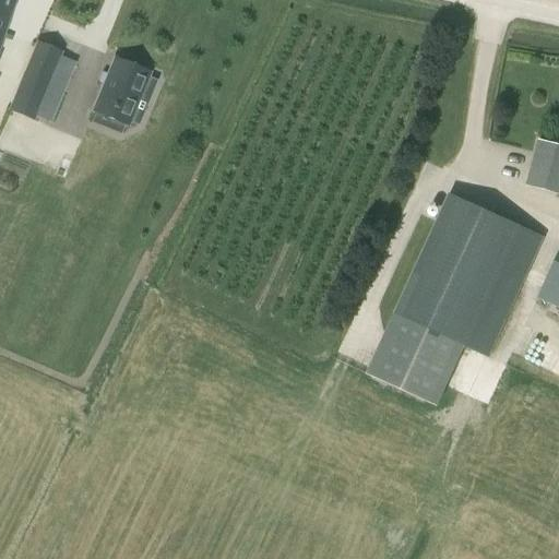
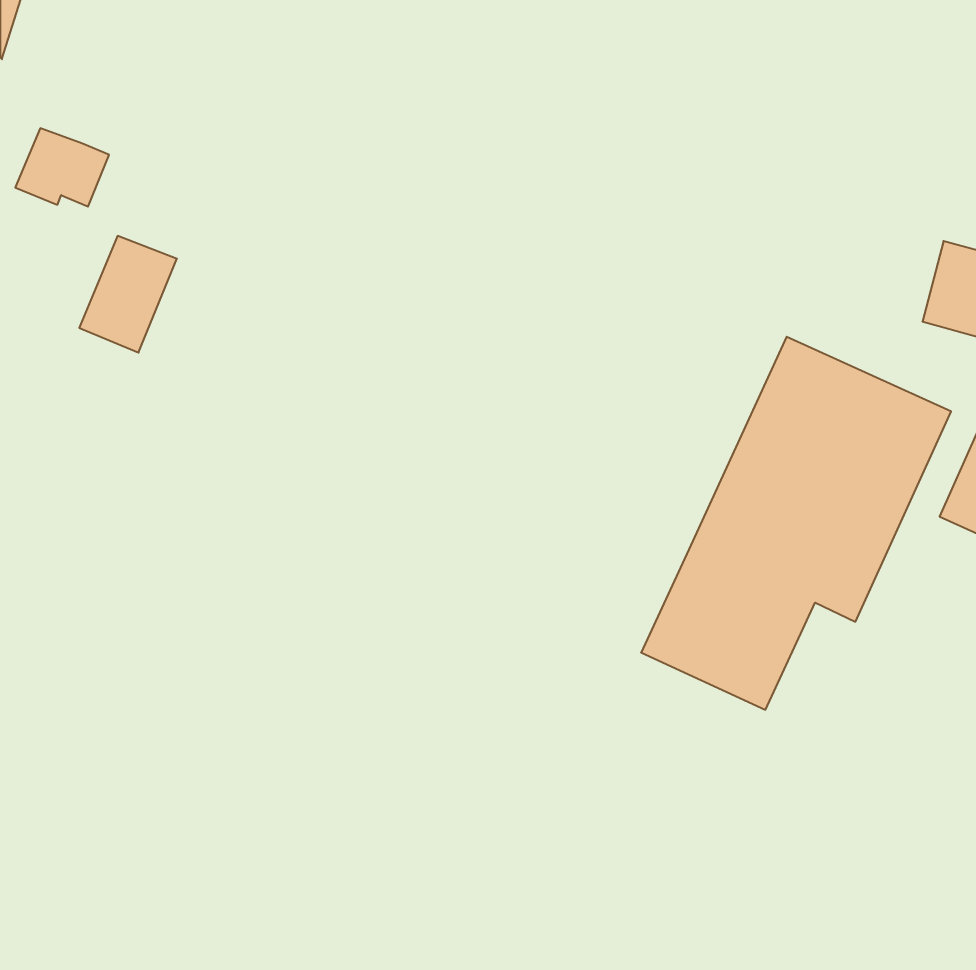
building: [24,39,61,82] -> none
building: [94,56,150,122] -> [79,236,177,353]

